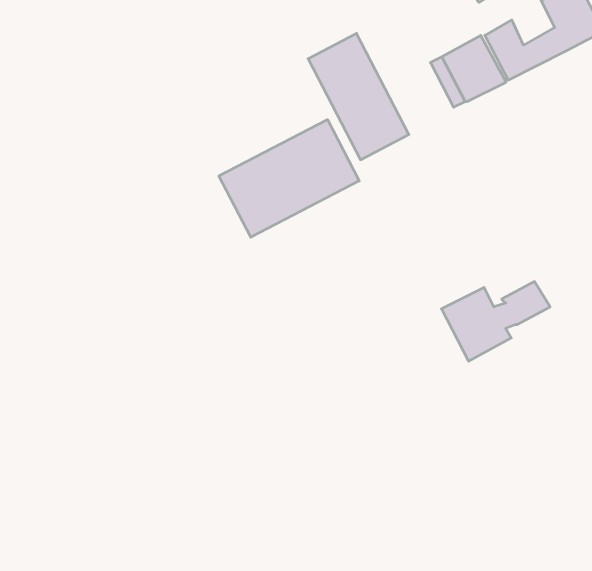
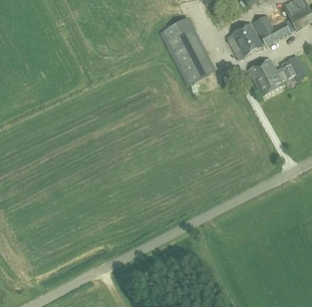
building: [219,120,359,237] -> none
building: [441,282,550,361] -> [248,54,304,95]

